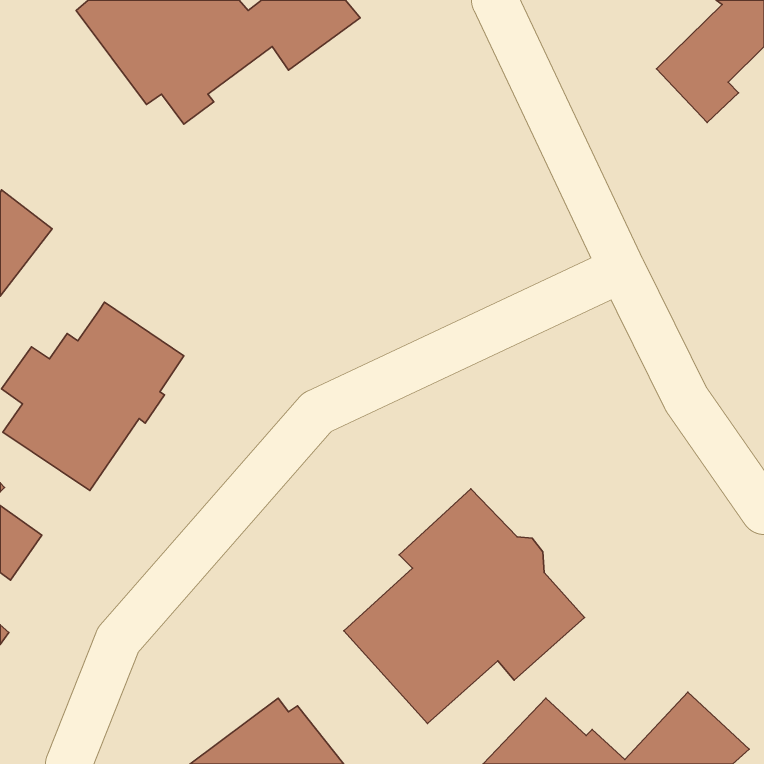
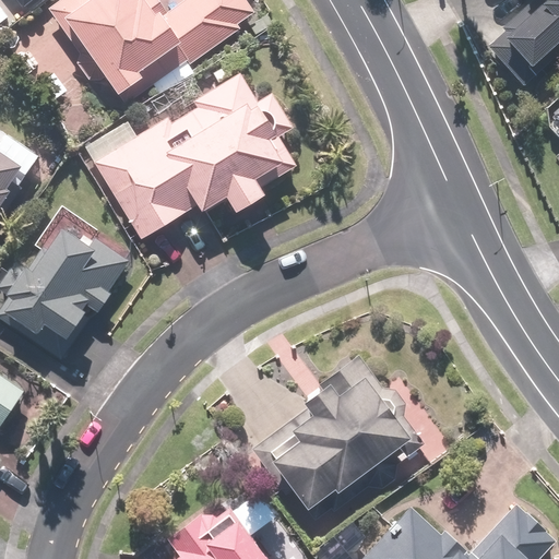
building: none -> [98,70,301,240]

